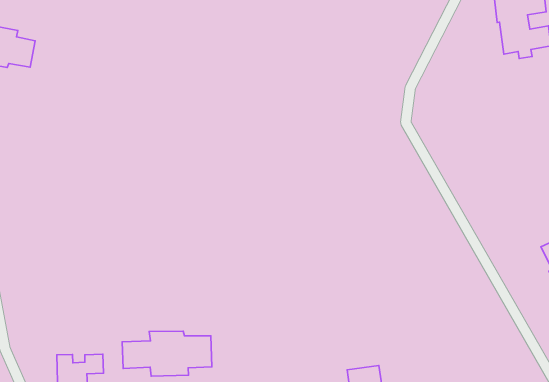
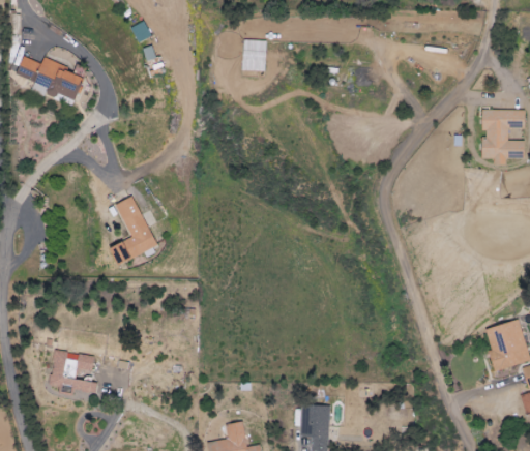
building: none -> [109,197,156,266]
building: [122,331,212,376] -> none

